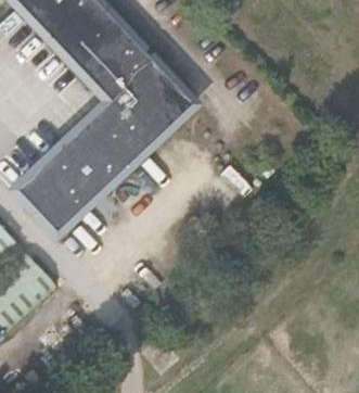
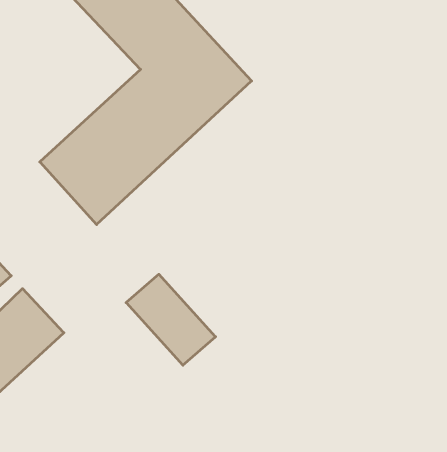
building: [10,164,78,233] -> [126,274,216,365]

